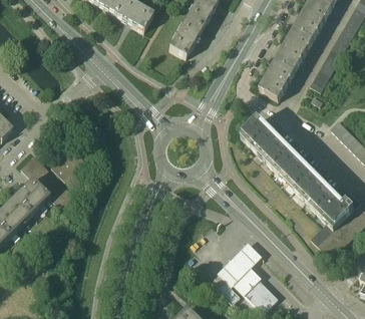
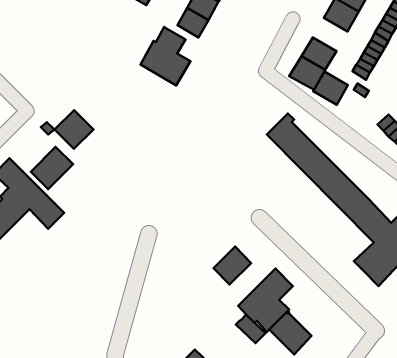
building: [279,40,307,67] -> [313,71,348,105]
building: none -> [140,27,190,86]
building: none -> [54,110,93,149]
building: none -> [213,247,251,285]

